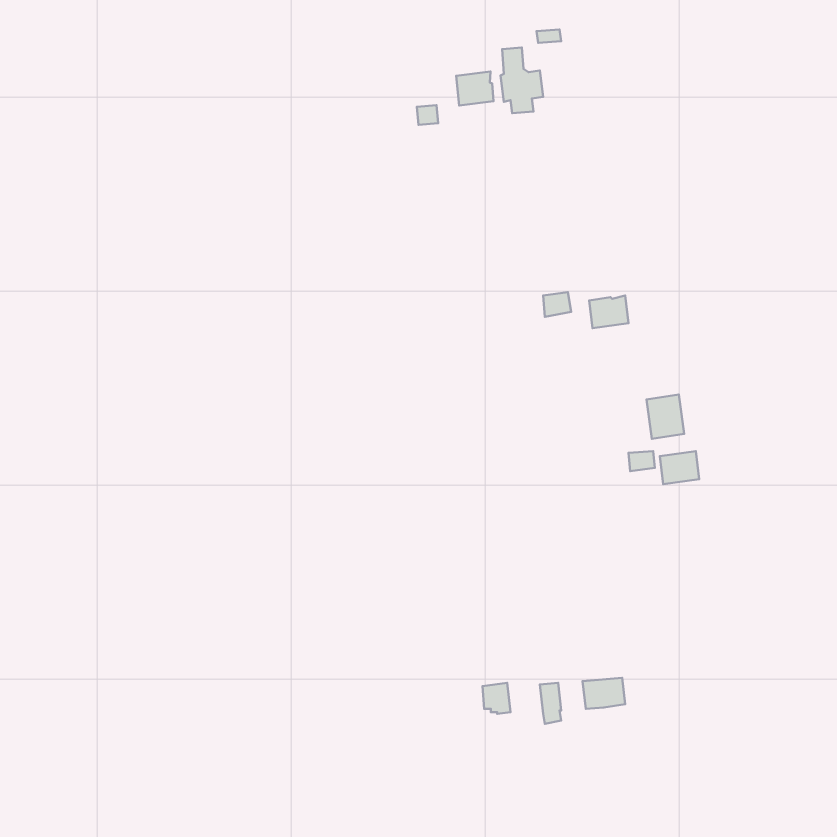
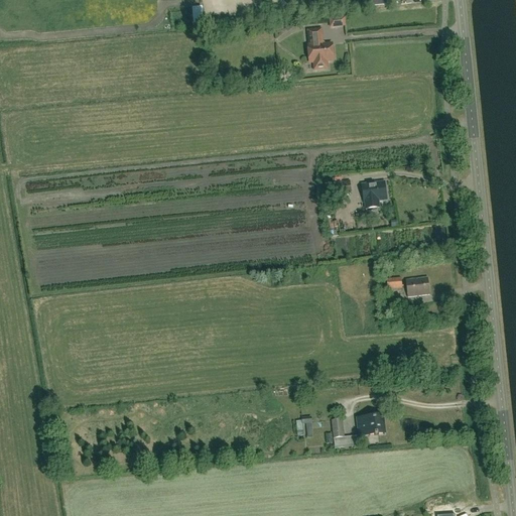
building: [456,71,493,106] -> none
building: [647,394,684,439] -> none

